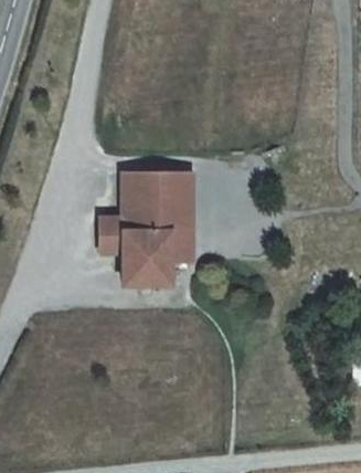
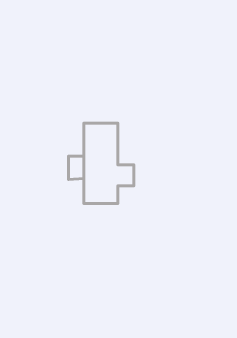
building: [170,175,192,231] -> none

